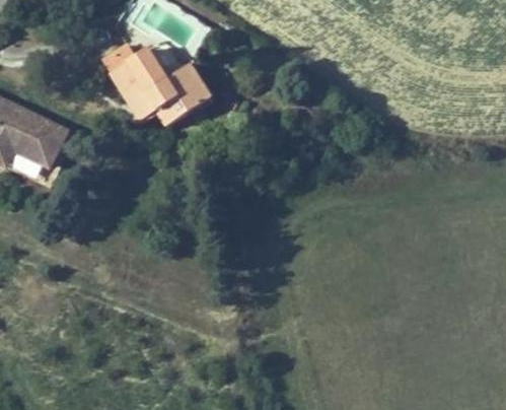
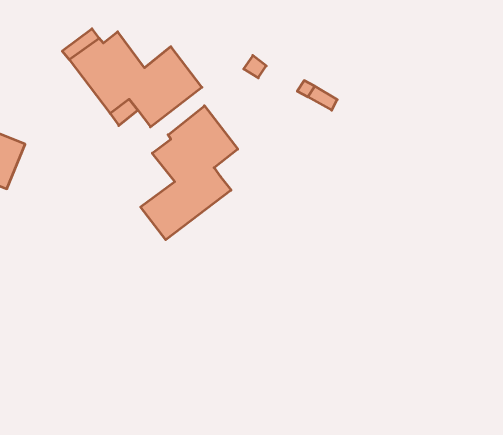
building: none -> [141,106,238,240]

